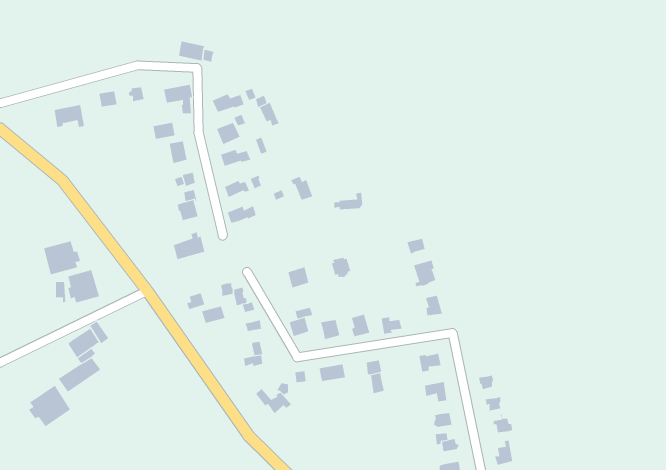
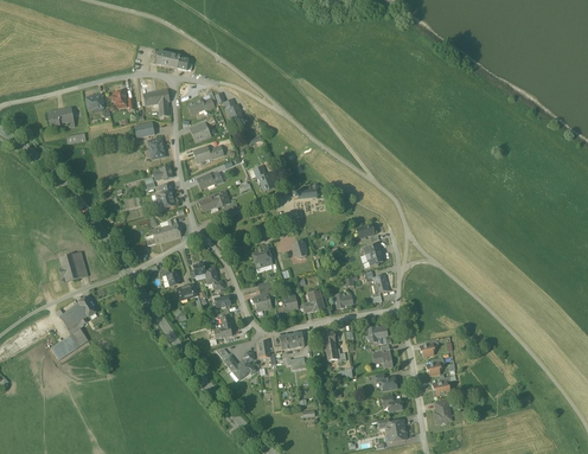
building: [44,240,81,275] -> none
building: [28,385,71,427] -> none

